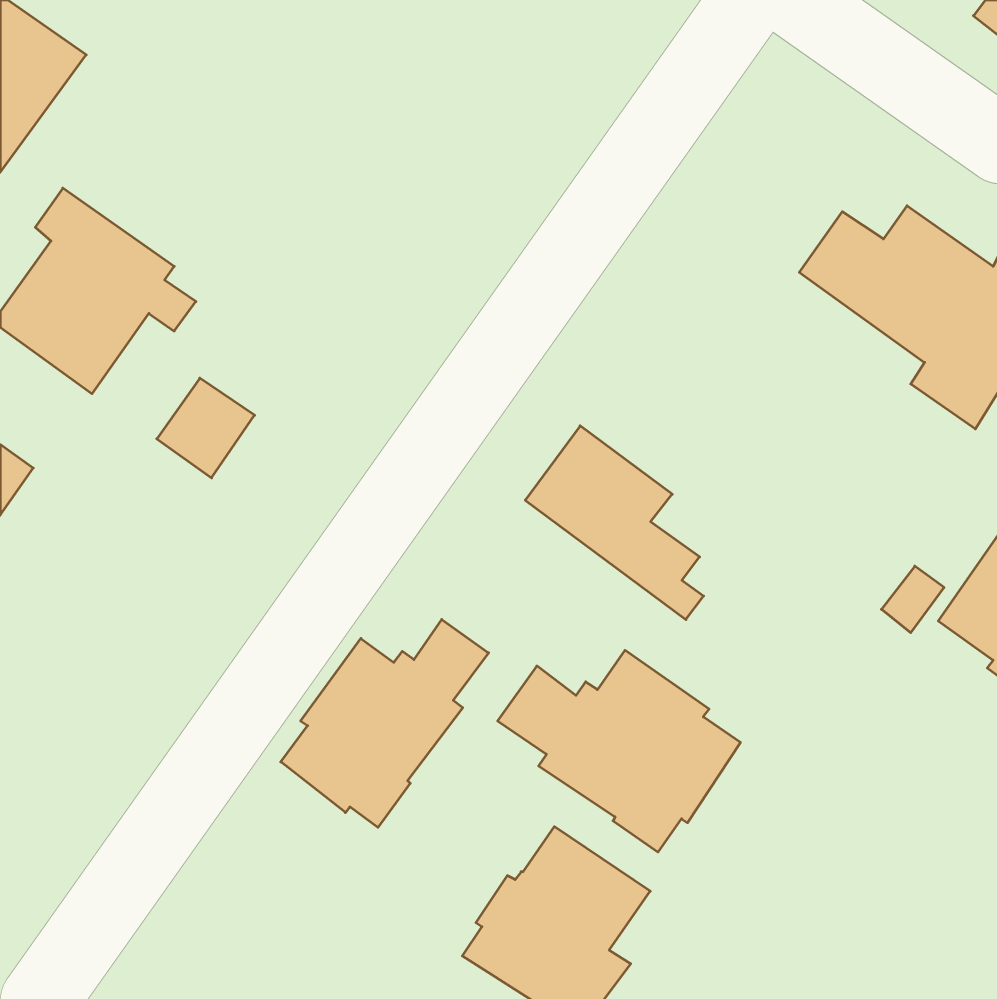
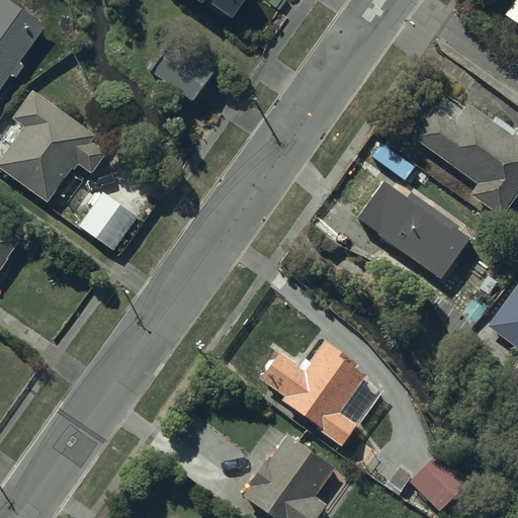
building: none -> [146,41,209,101]
building: [525,426,704,620] -> [359,185,451,285]
building: [281,619,489,827] -> none
building: none -> [409,445,472,508]

